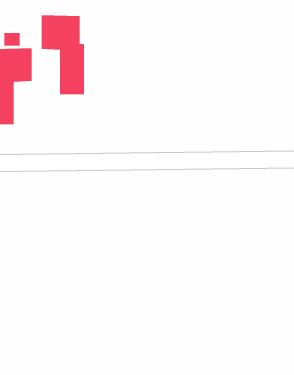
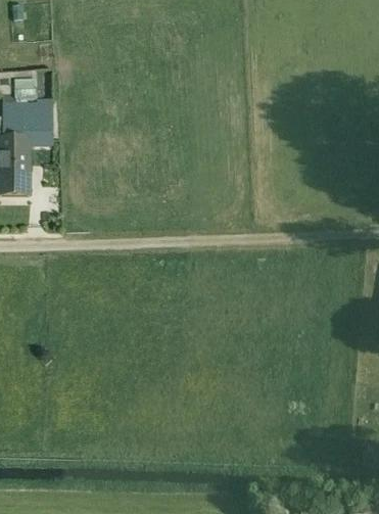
building: [41,15,84,95] -> none

